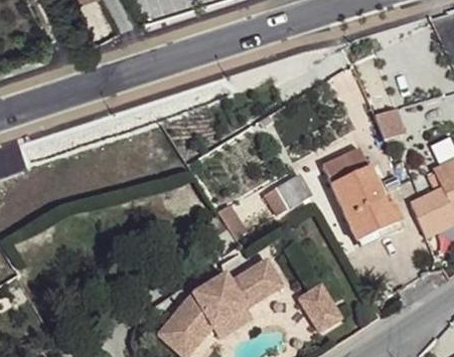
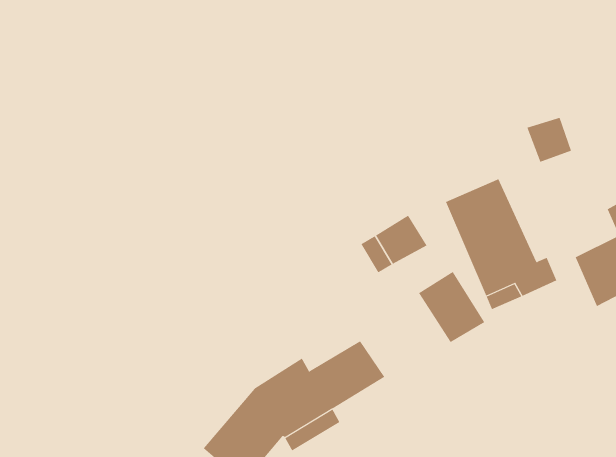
building: [297,284,343,333] -> [418,271,485,343]

